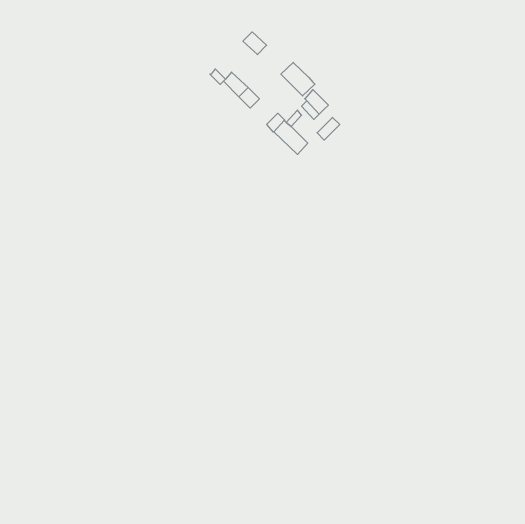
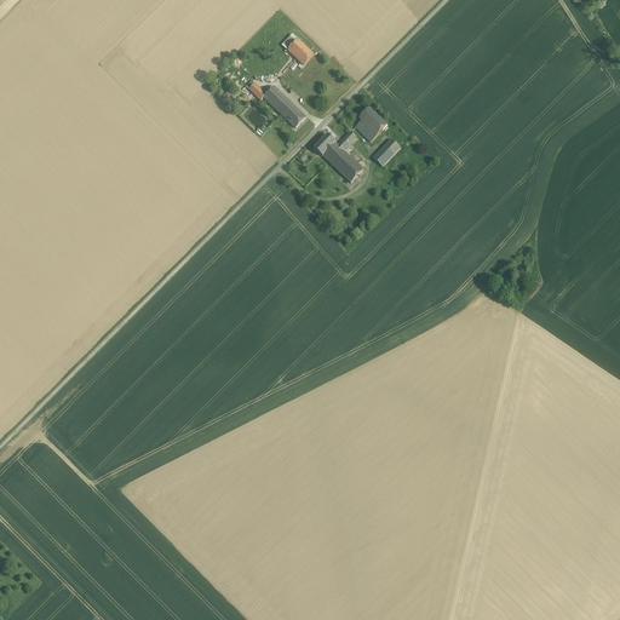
building: [281,62,315,96] -> none

